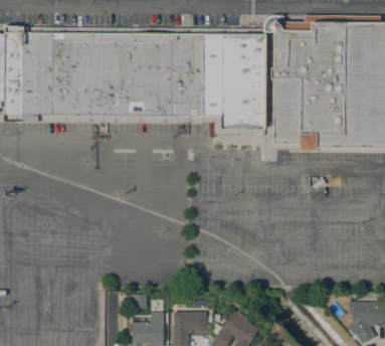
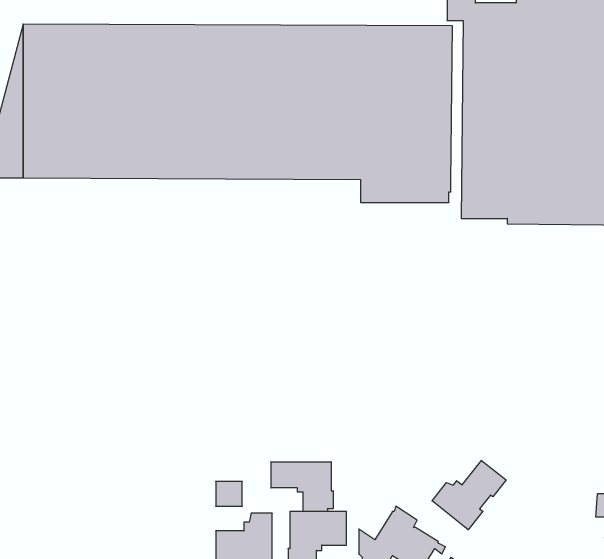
building: none -> [432,460,506,530]
building: none -> [271,462,333,511]

